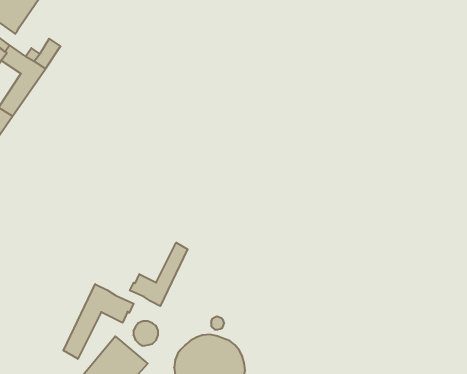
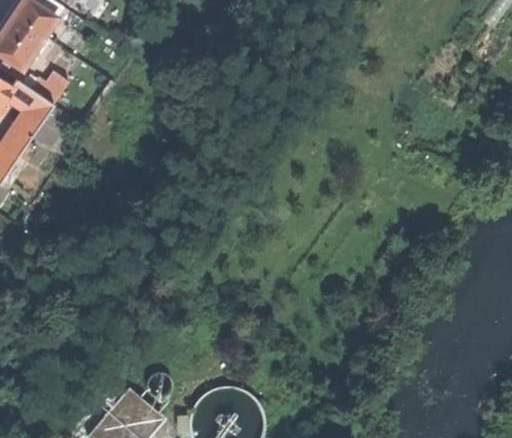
building: [130,243,188,306] -> none
building: [63,284,134,359] -> none

